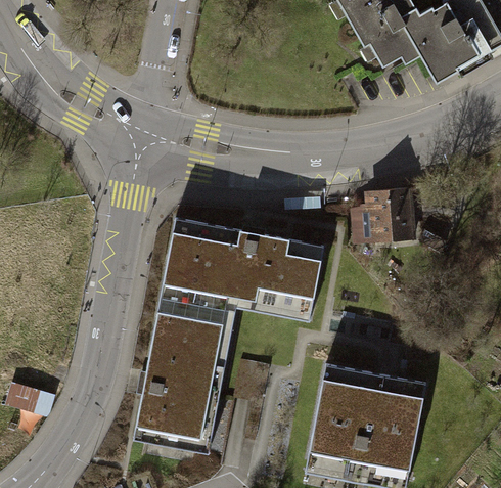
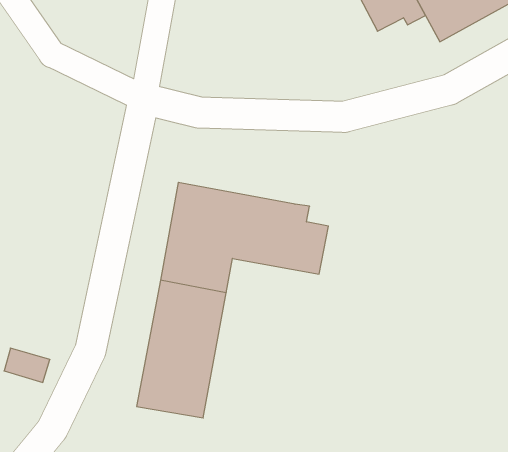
building: [358,190,407,242] -> none
building: [310,365,426,477] -> none

